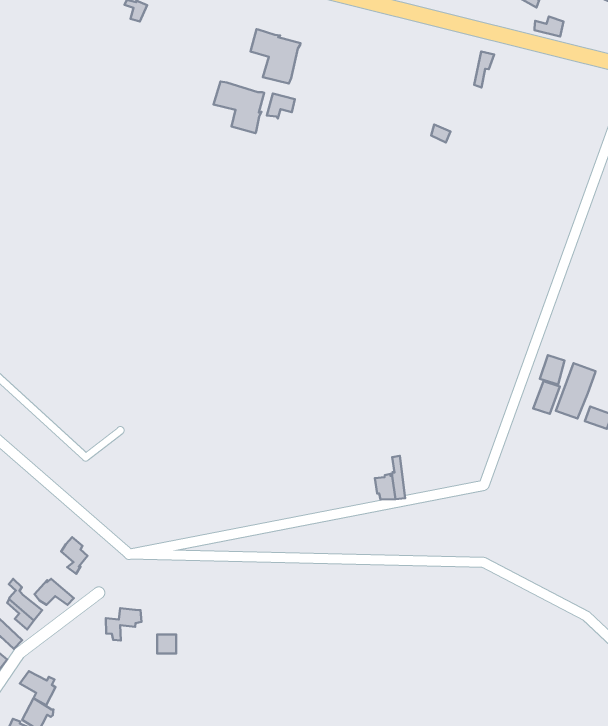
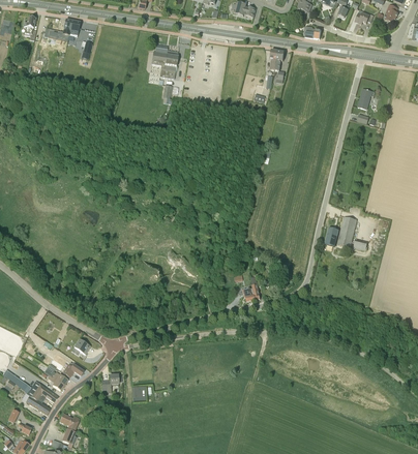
building: [214,82,264,133] -> none

